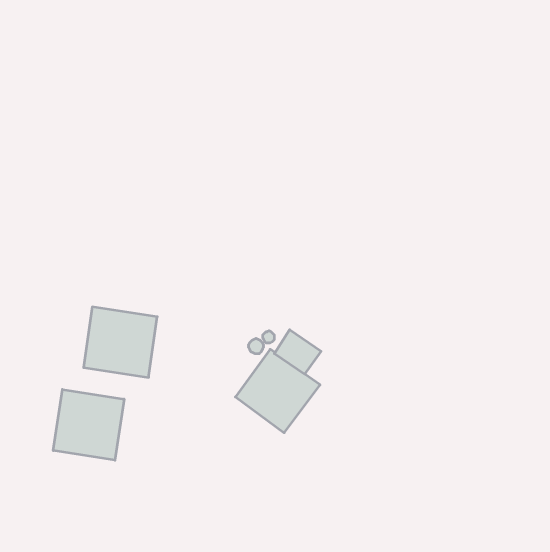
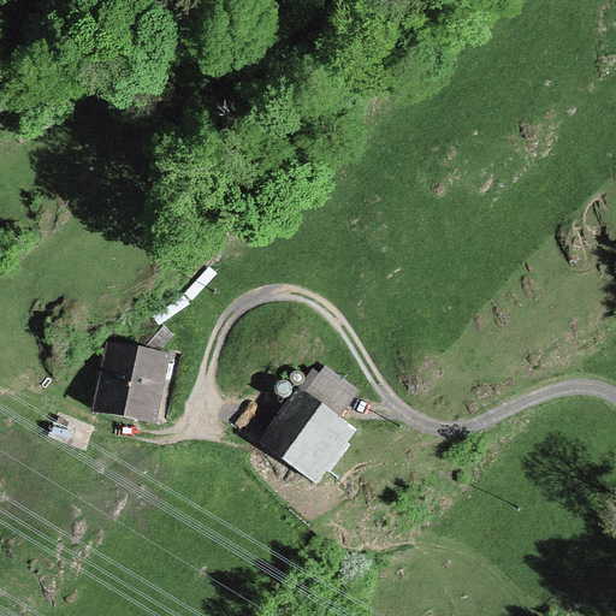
building: [53,389,124,460] -> none

